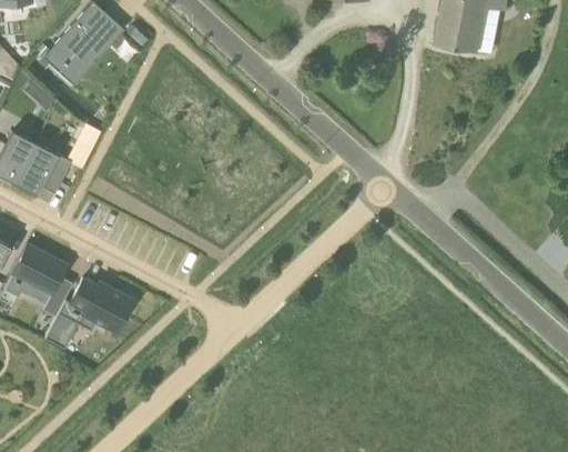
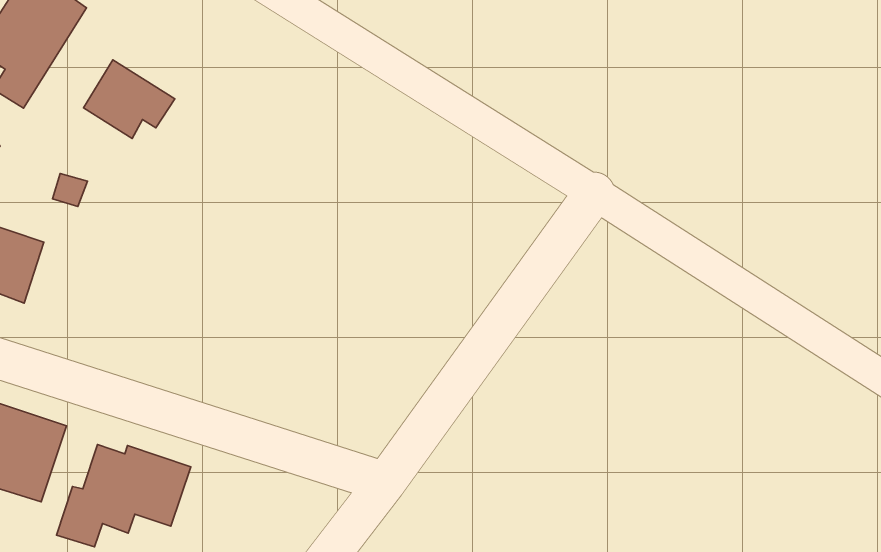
building: none -> [84,60,175,138]

